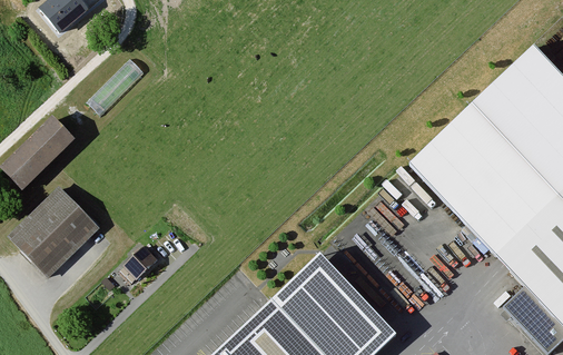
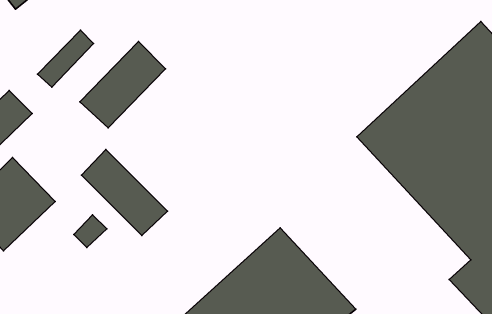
building: none -> [80,41,166,128]
building: none -> [82,149,168,236]

